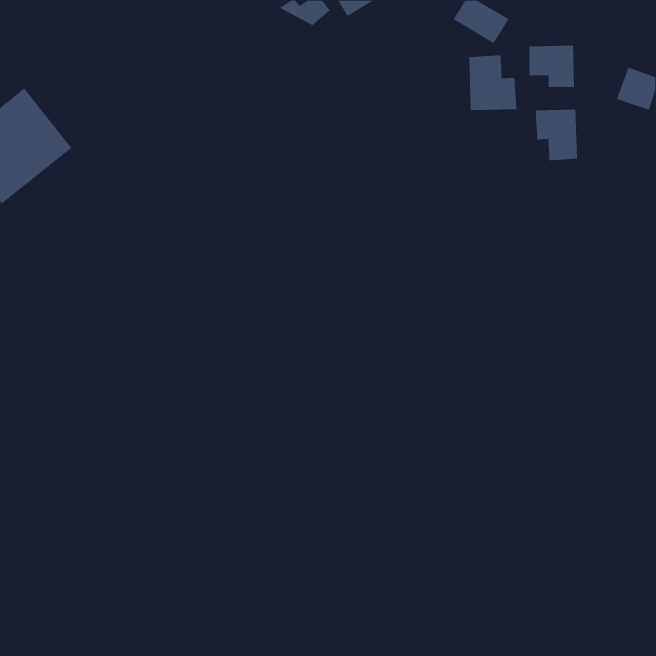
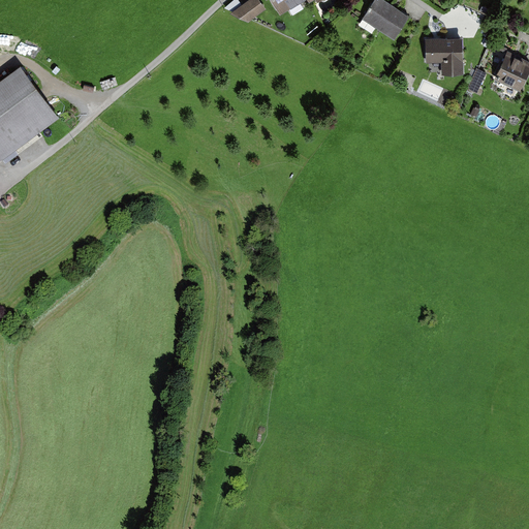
building: [469,55,517,111] -> none
building: [535,109,577,161] -> none

